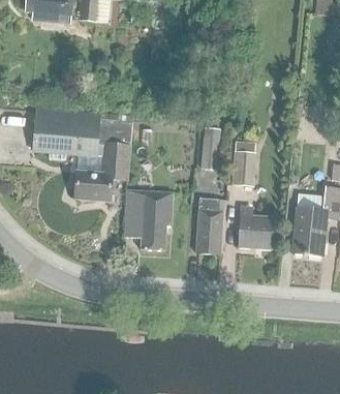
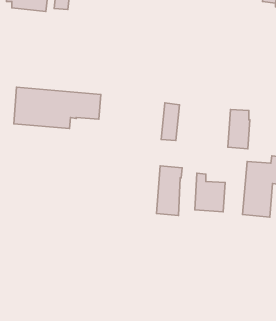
building: [231,141,256,185] -> [228,110,250,149]
building: [74,143,130,201] -> none
building: [125,189,173,250] -> none

